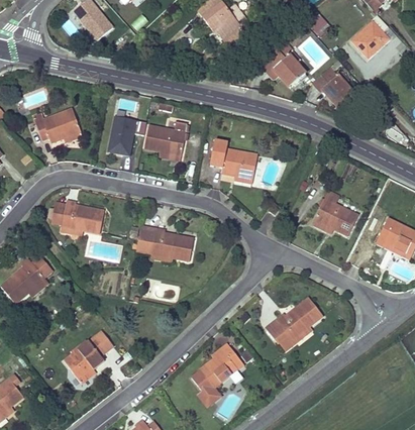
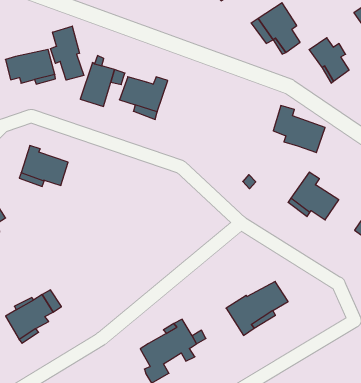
building: none -> [50,26,84,80]
building: [210,140,257,180] -> [273,106,325,153]
building: [135,228,193,261] -> none

